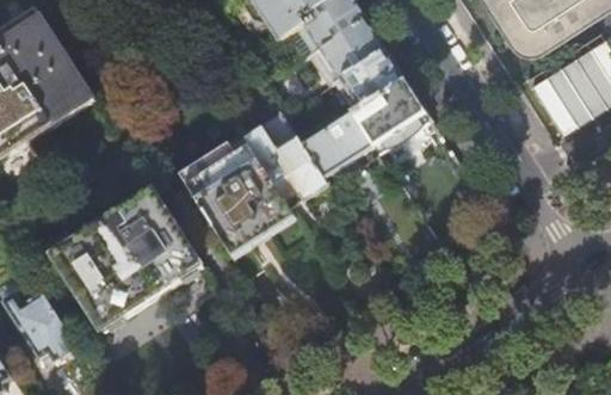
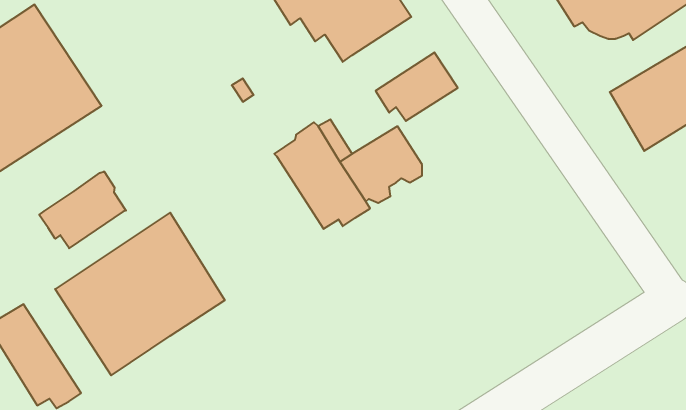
building: [313,17,384,81] -> none
building: [352,79,433,156] -> none
building: [183,138,291,248] -> none
building: none -> [39,171,126,248]

